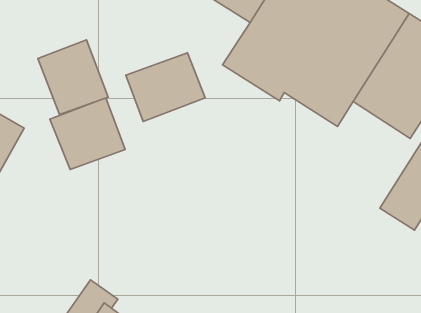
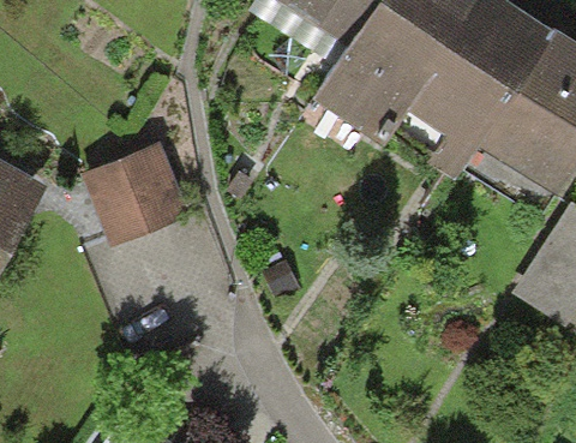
building: [38,40,108,114] -> none
building: [126,53,205,121] -> none

